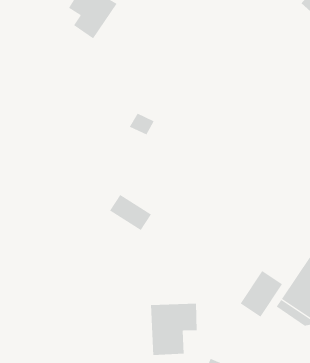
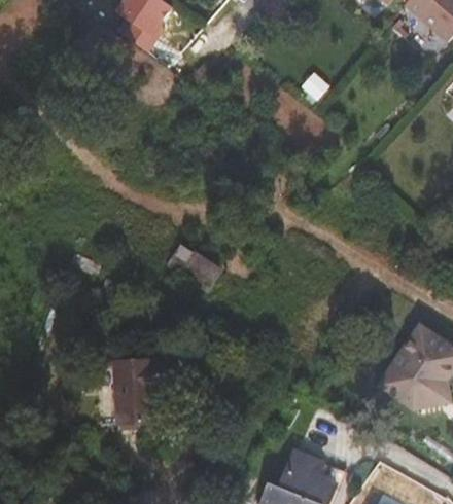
building: [240,270,283,317] -> none
building: [150,303,198,356] -> [112,359,172,425]

